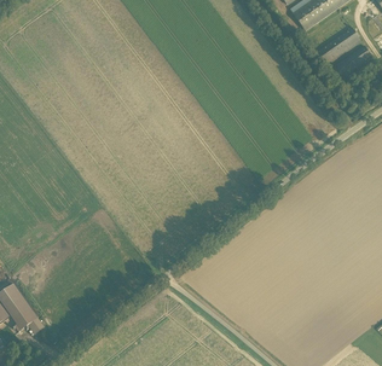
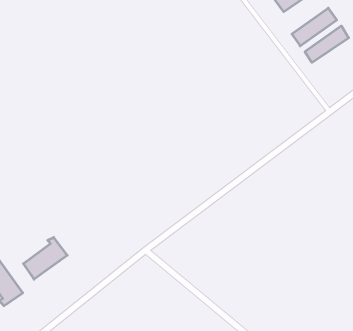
building: none -> [23,237,67,279]

